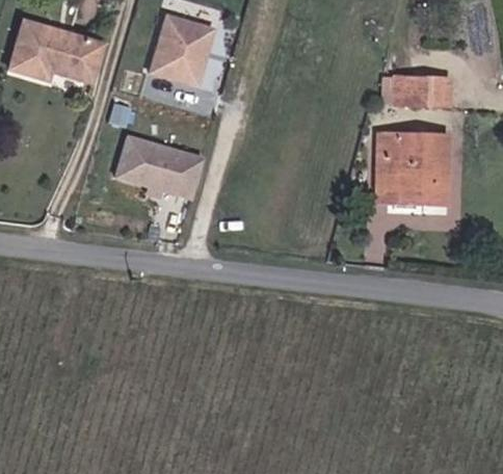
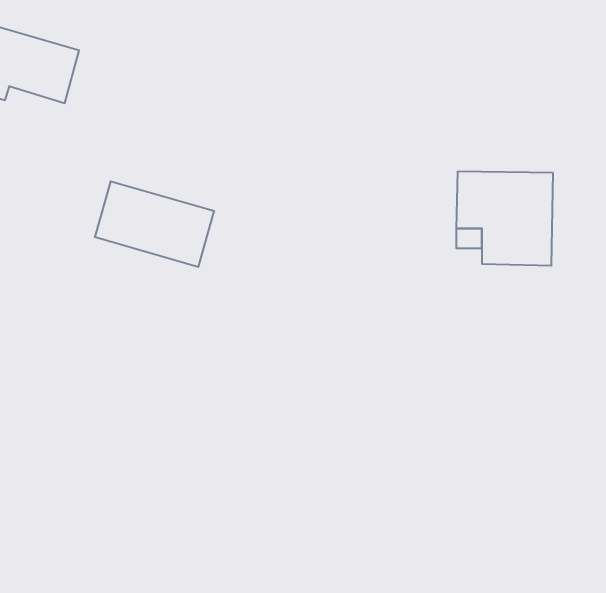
building: [148,16,212,87] -> none
building: [396,74,451,102] -> none

